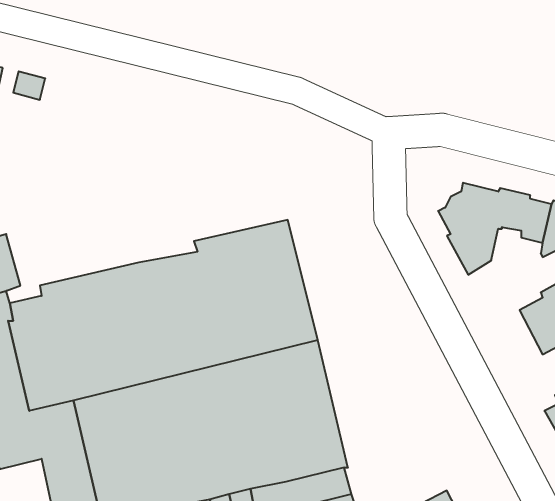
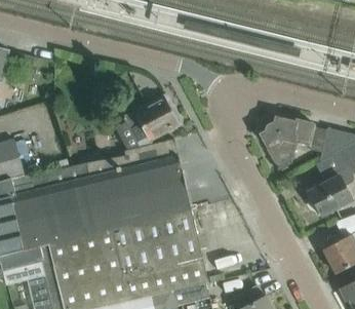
building: none -> [124,96,179,138]

